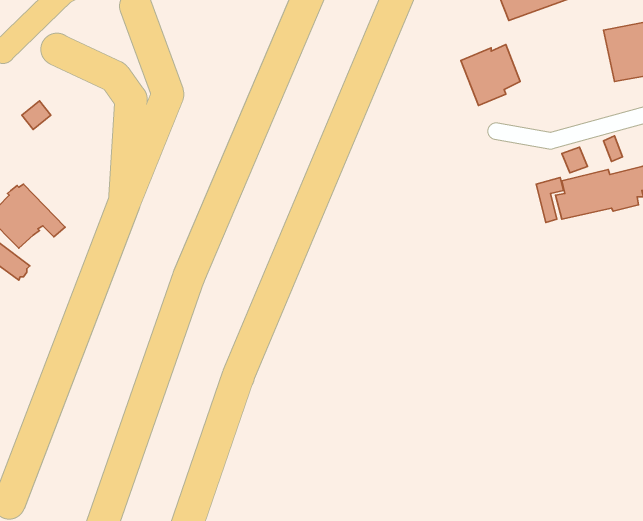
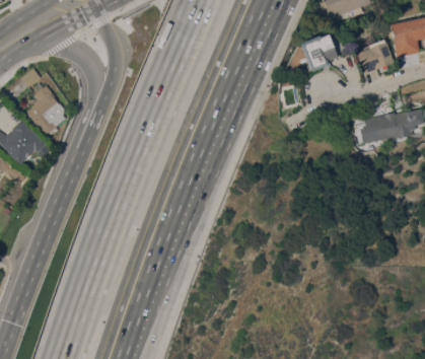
building: none -> [356,40,394,74]
building: none -> [24,83,64,135]

